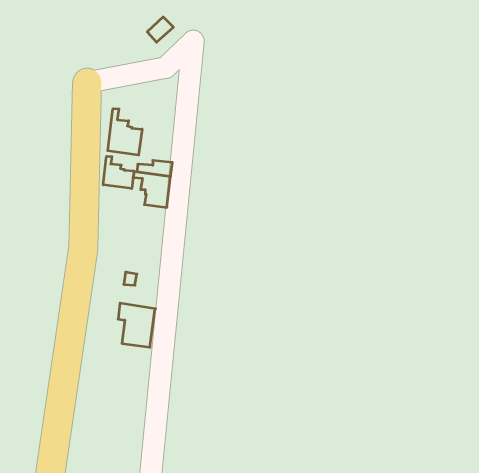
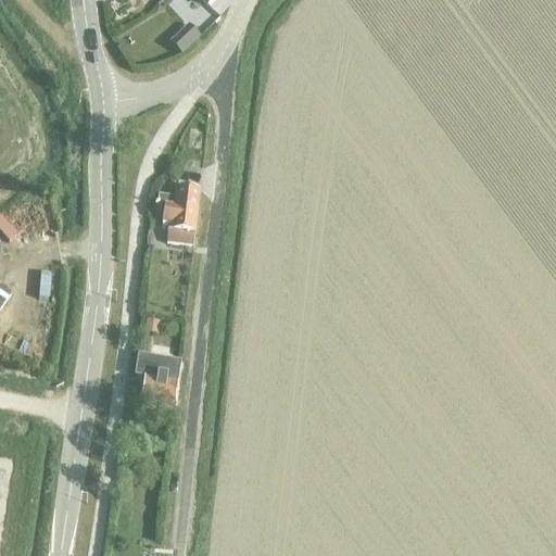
building: [108,109,142,155] -> none
building: [103,156,134,189] -> none

